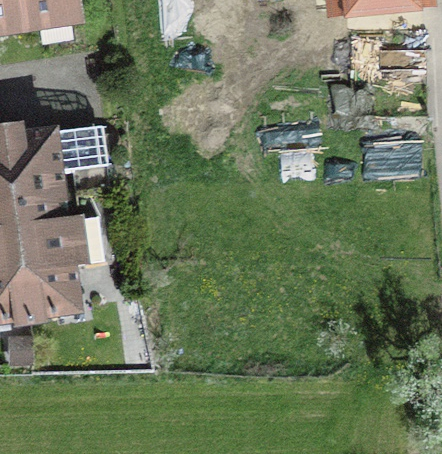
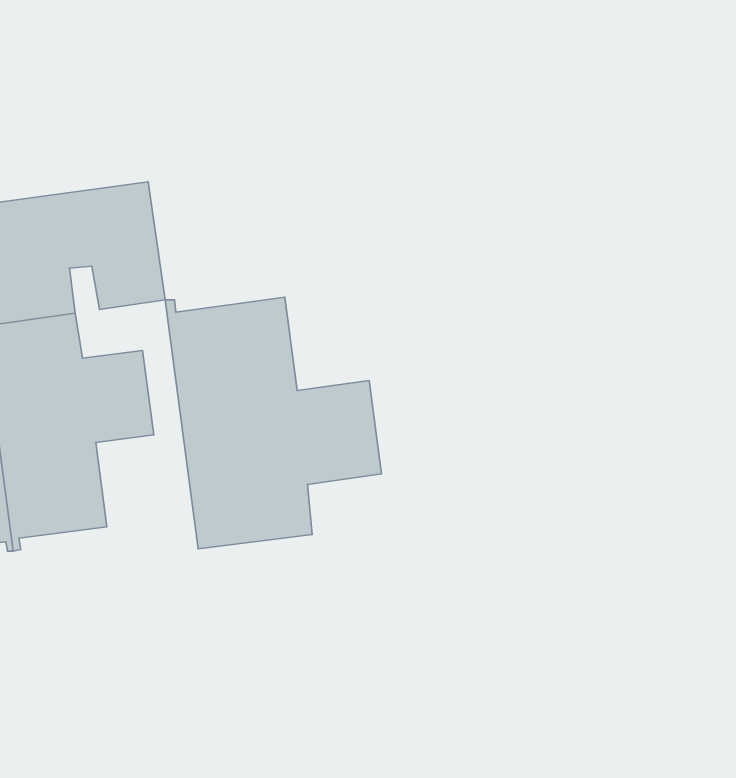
building: none -> [165,297,382,549]

